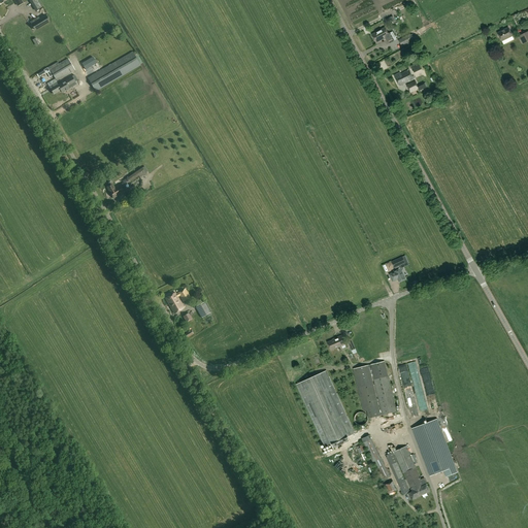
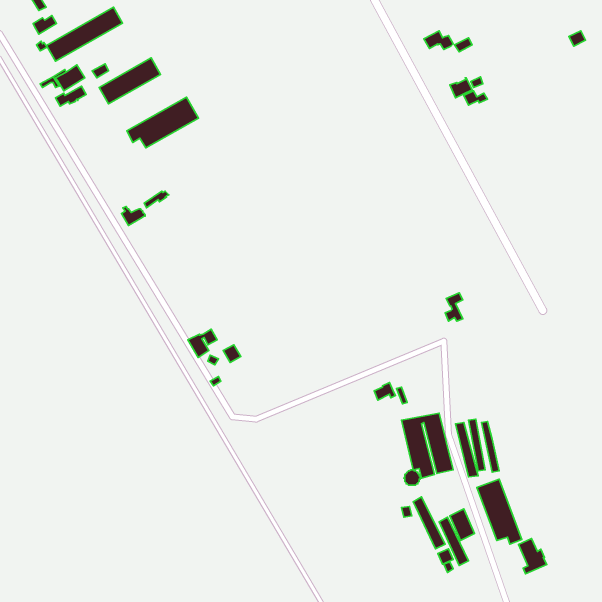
building: none -> [46,7,123,61]
building: none -> [127,97,199,148]
building: [295,370,354,447] -> none
building: [403,467,428,498] -> [519,539,547,574]

